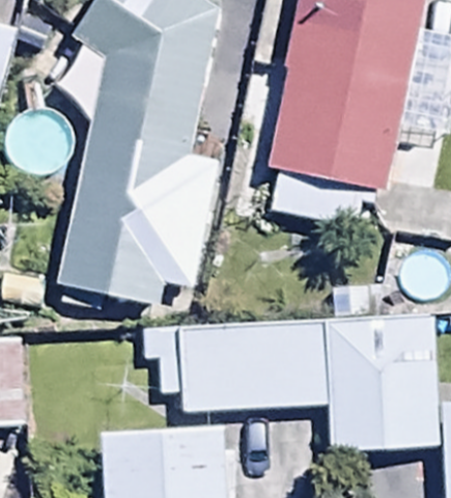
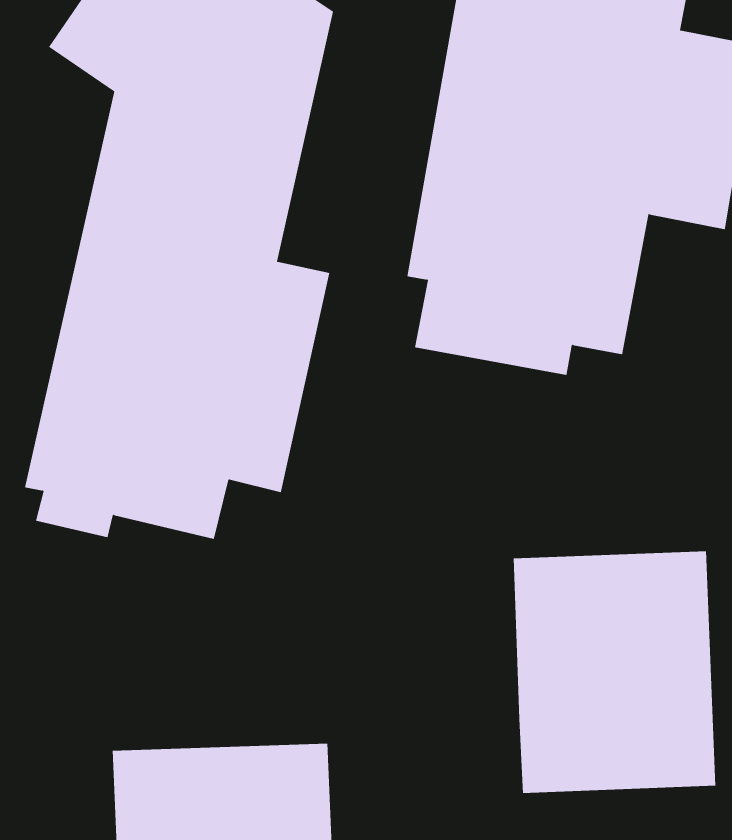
building: [143,320,329,415] -> none

